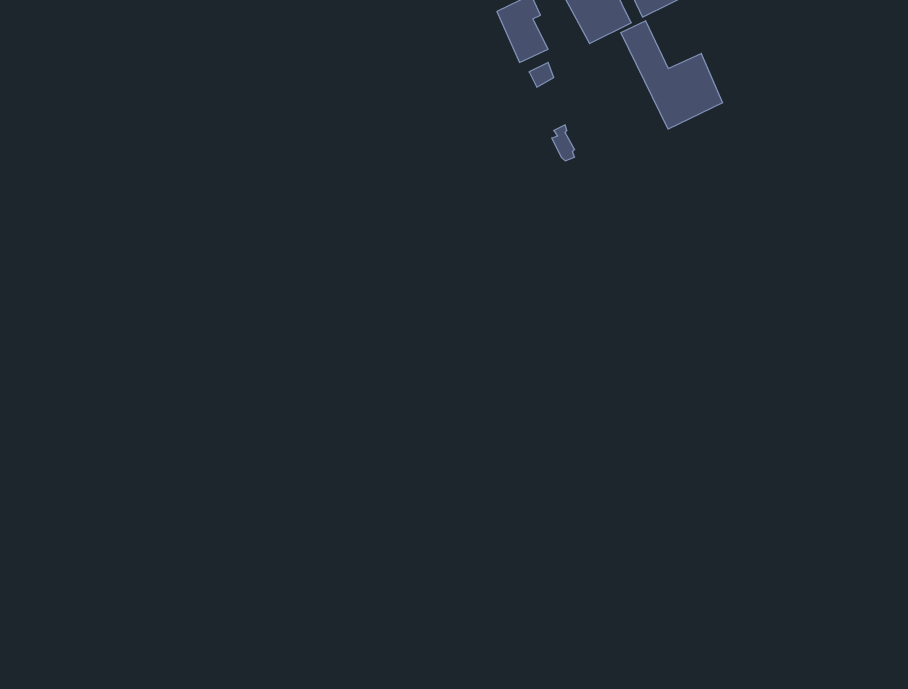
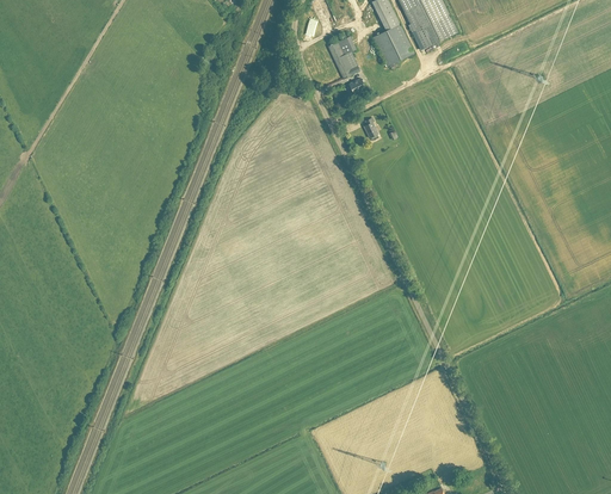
building: [621,21,722,129] -> none

